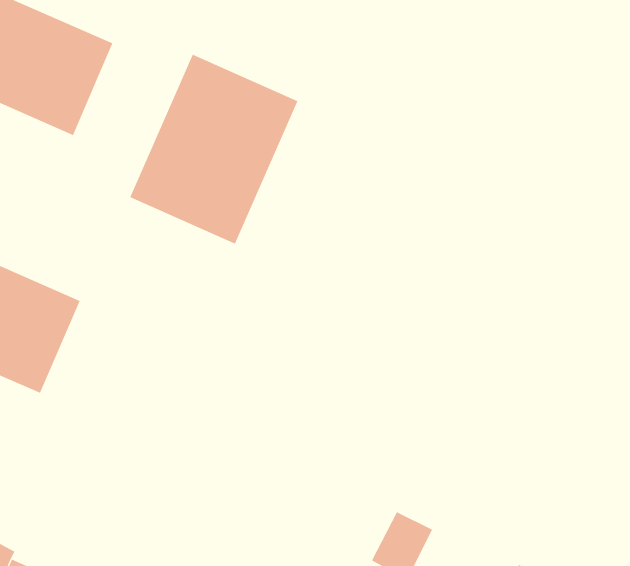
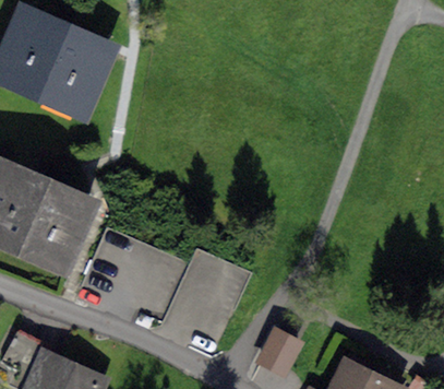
building: [130,54,298,244] -> none

